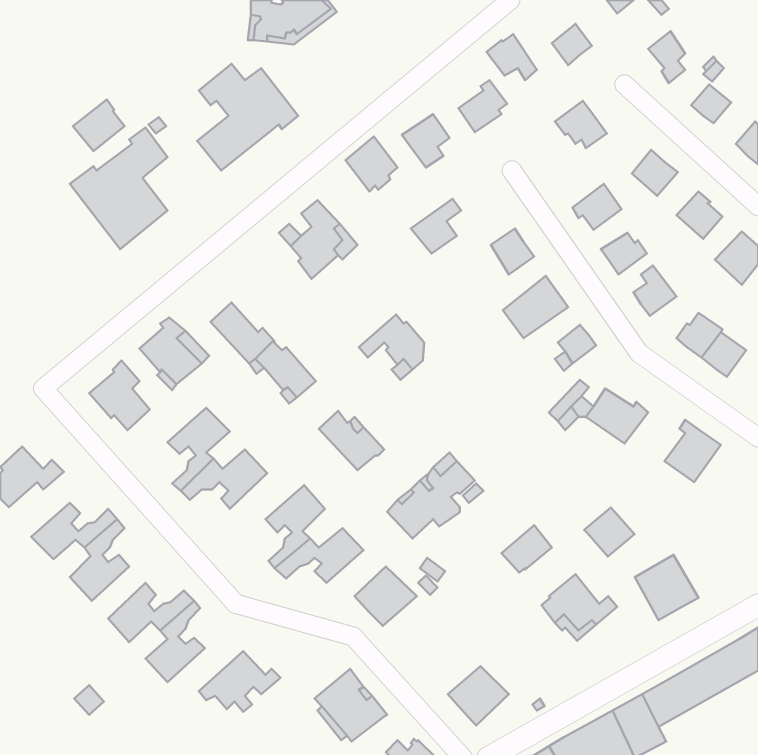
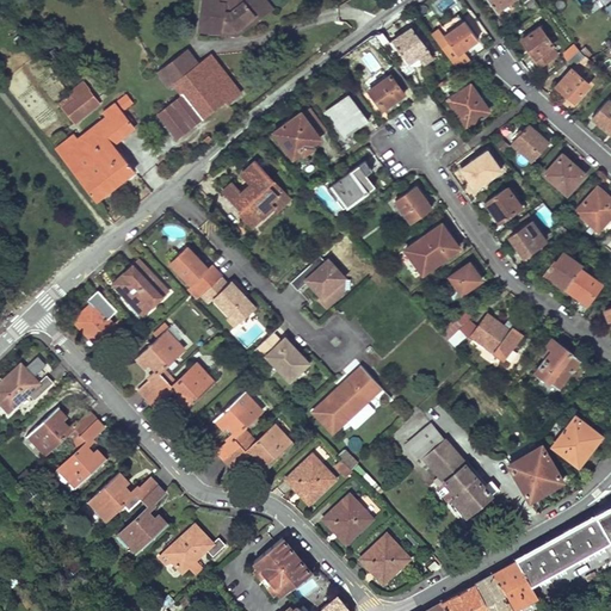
building: [584,508,635,557] -> [422,443,463,482]
building: none -> [554,418,601,467]
building: none -> [323,498,372,547]

